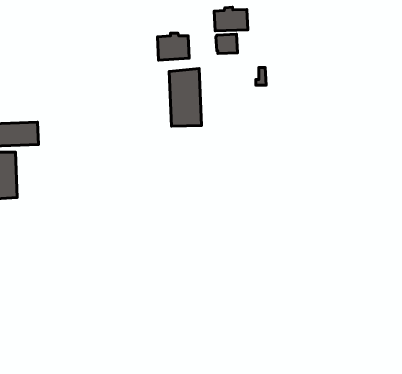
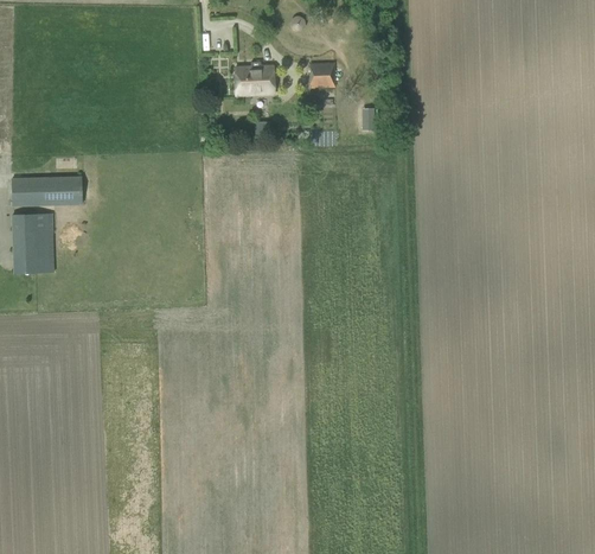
building: [214,7,248,31] -> none
building: [169,69,202,126] -> none

